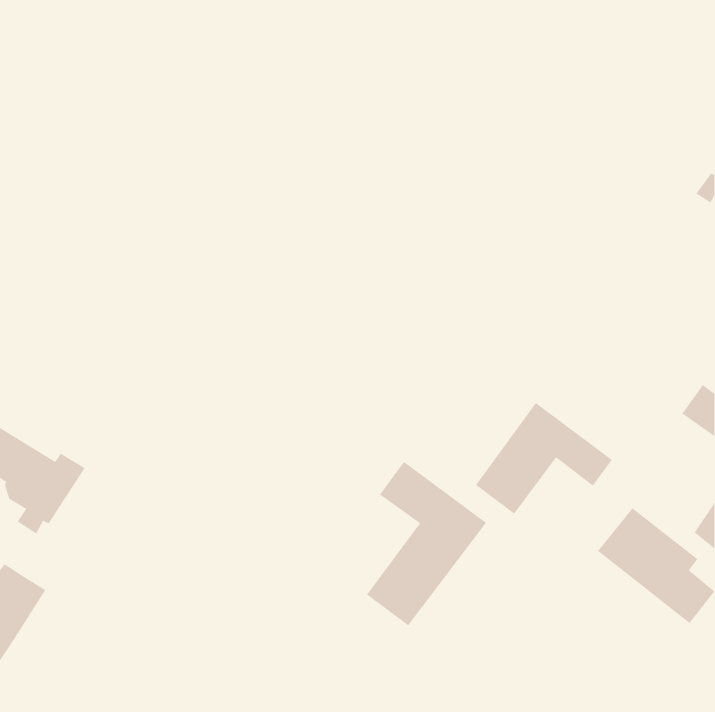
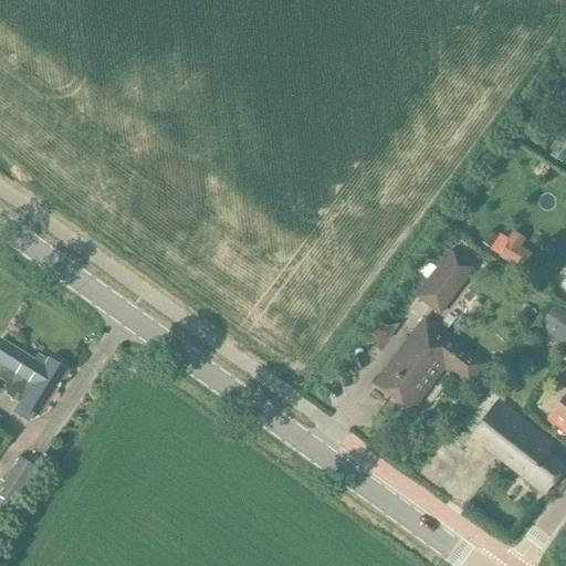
building: none -> [497,229,532,269]
building: none -> [412,251,471,315]
building: [366,461,487,626] -> none

